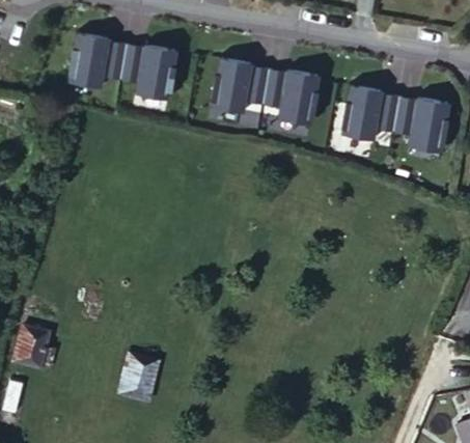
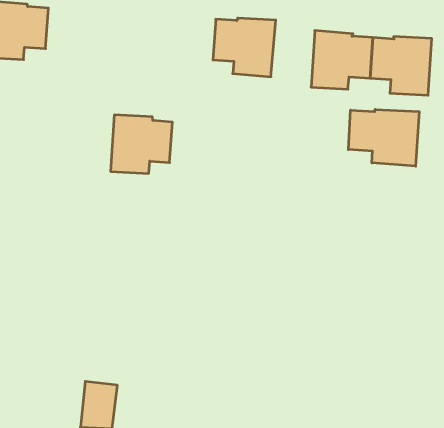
building: [123,41,179,95] -> none
building: [214,55,271,108] -> [111,115,172,173]
building: none -> [348,109,419,166]

